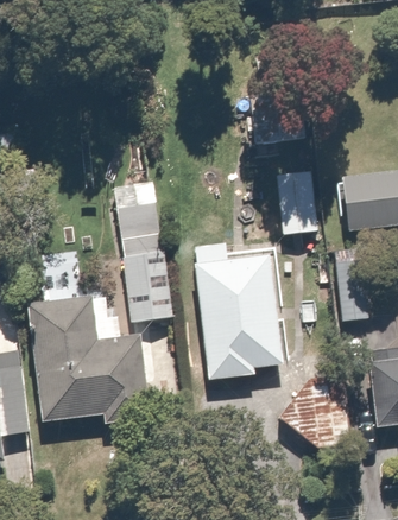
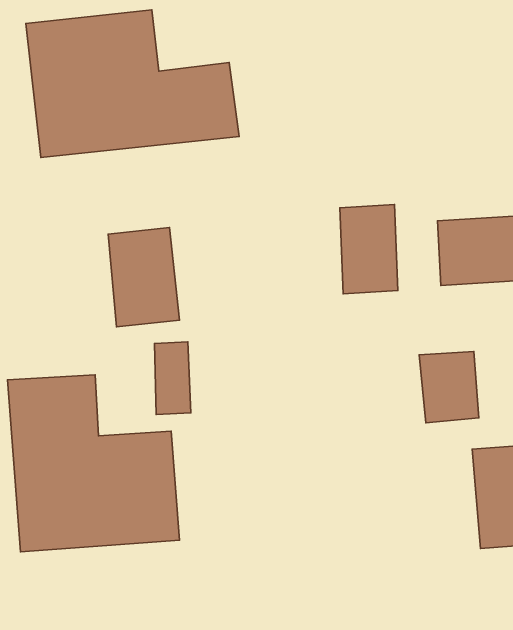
building: none -> [26,10,239,157]
building: [188,247,286,387] -> none
building: [273,374,354,452] -> none

